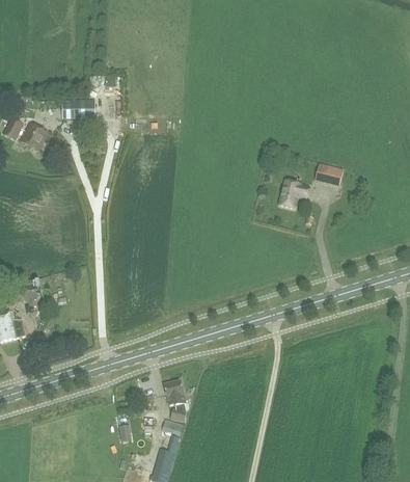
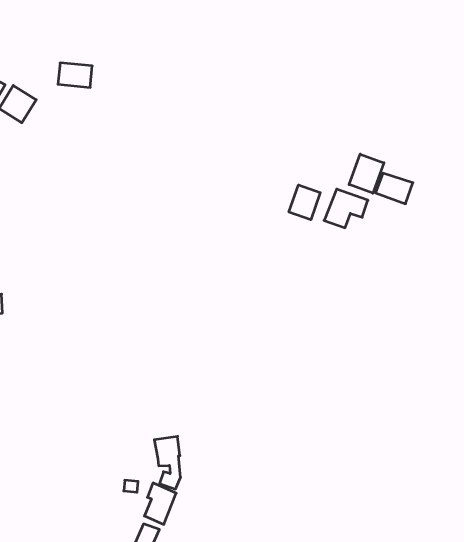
building: none -> [349,154,384,193]
building: none -> [289,185,320,220]

